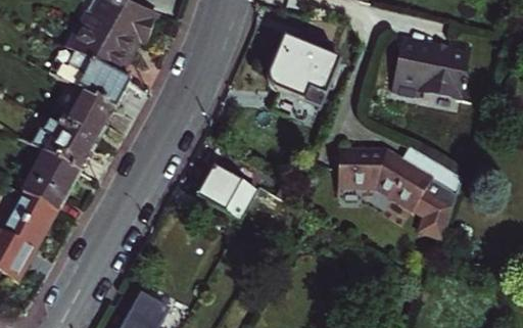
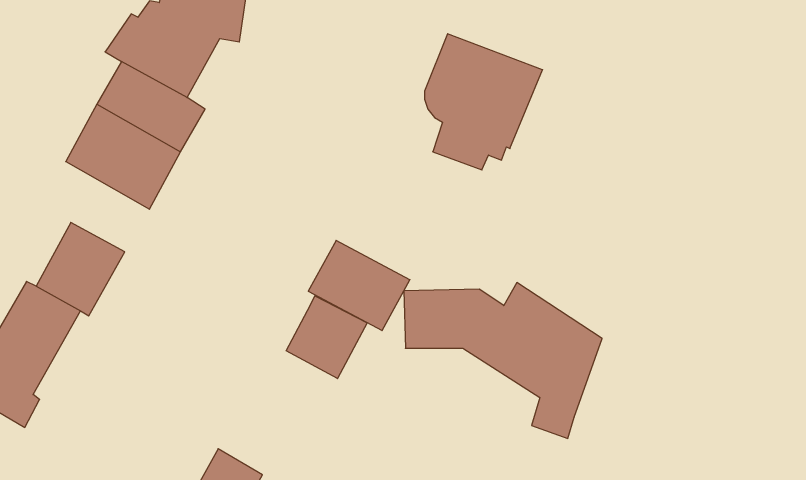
building: [394,40,473,96] -> none
building: [34,122,95,173] -> none
building: [337,146,461,243] -> [404,283,602,438]
building: none -> [286,296,367,379]

